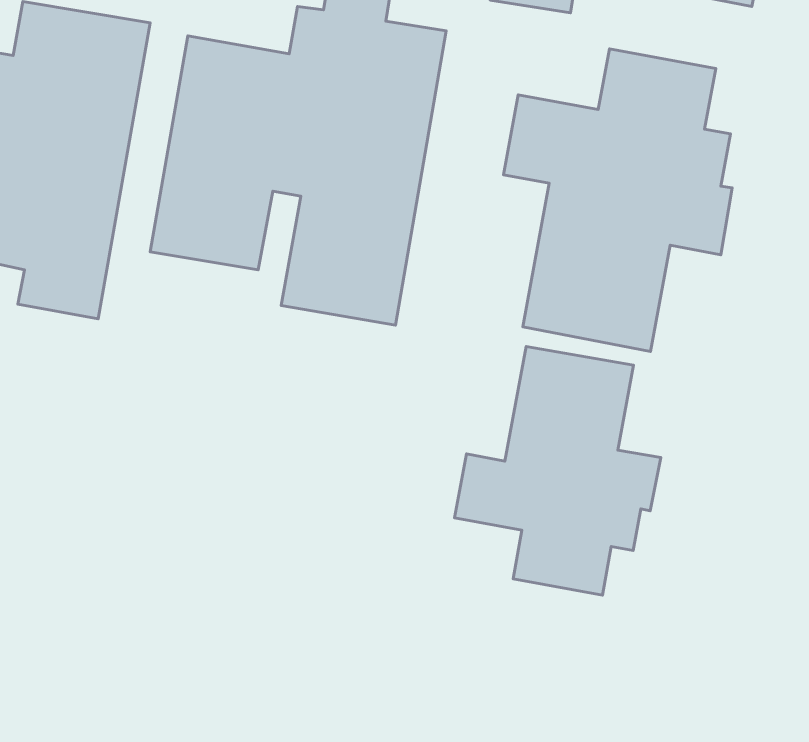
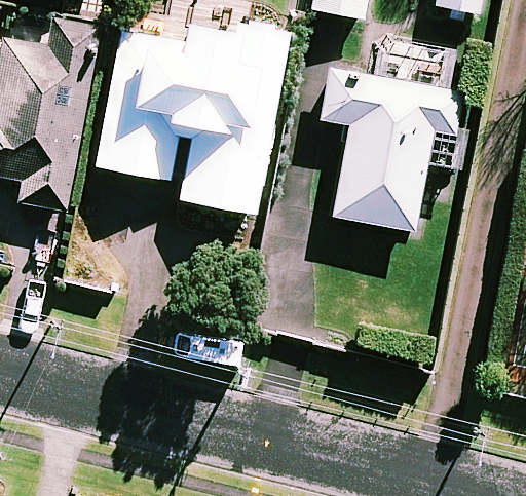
building: [455,346,661,595] -> none

